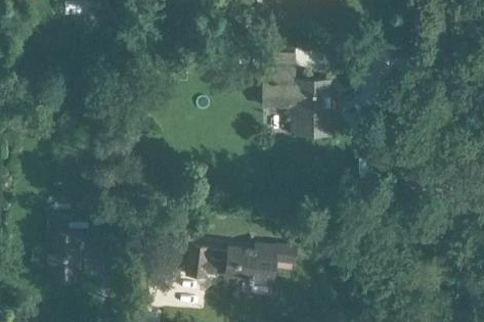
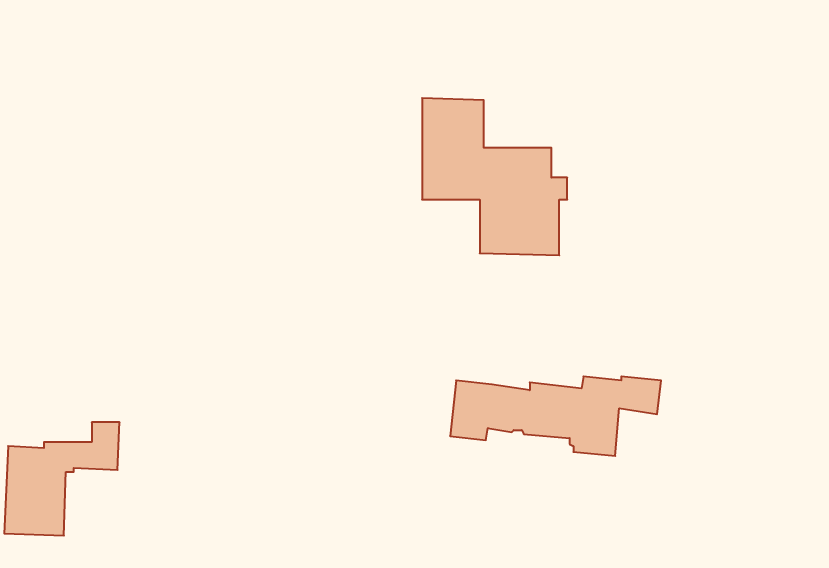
building: [187,244,296,285] -> [450,376,661,456]

